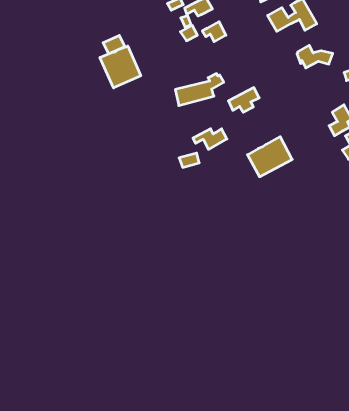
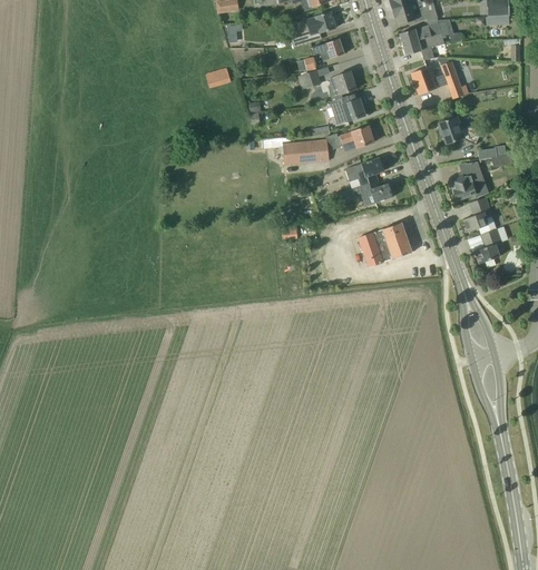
building: none -> [330,92,364,122]
building: [100,46,141,88] -> none
building: none -> [340,125,374,147]
building: none -> [451,170,486,199]
building: [193,129,227,149] -> [351,180,392,205]

